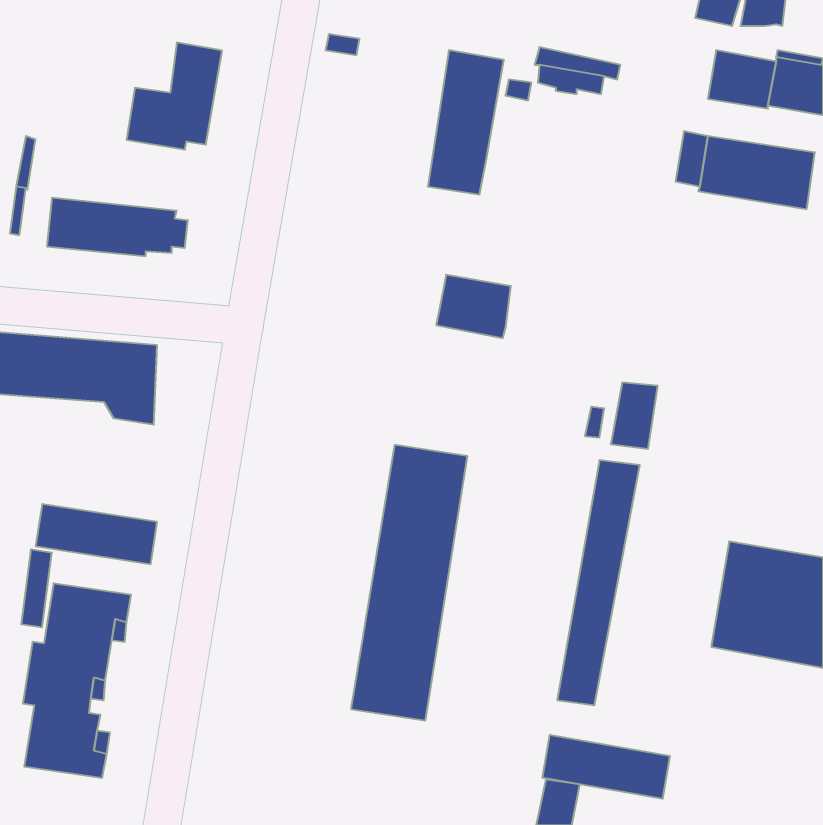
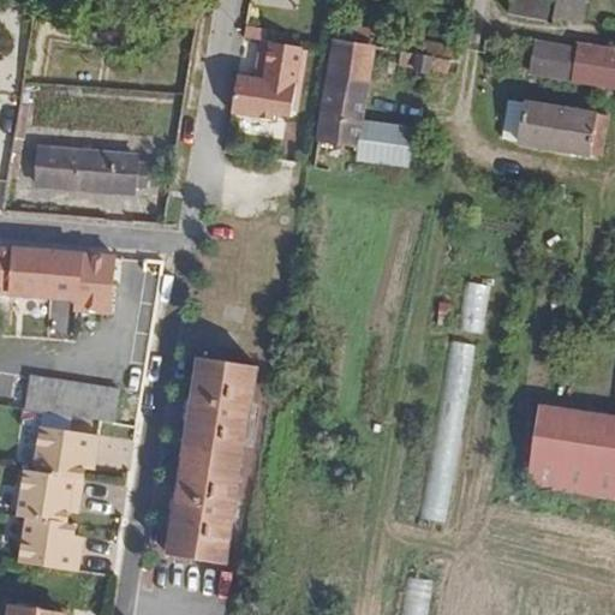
building: [127,43,222,150] -> [229,41,300,120]
building: [436,275,511,338] -> [353,119,408,166]
building: [351,445,468,720] -> [173,360,259,565]
building: [542,735,670,799] -> none

